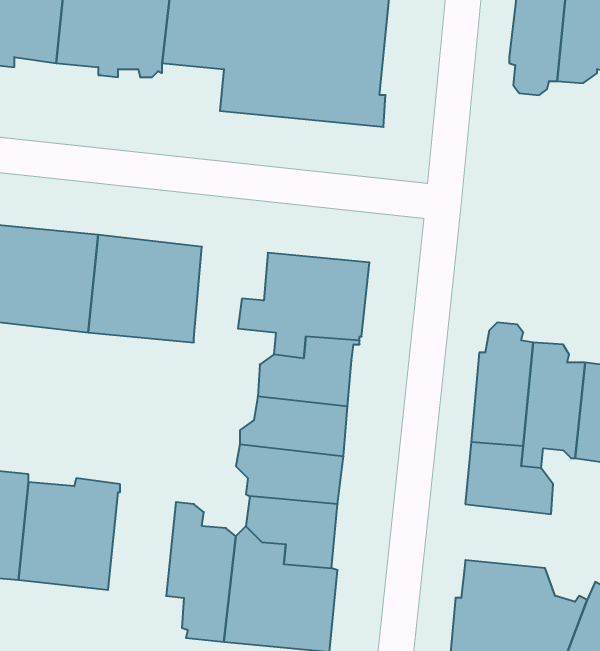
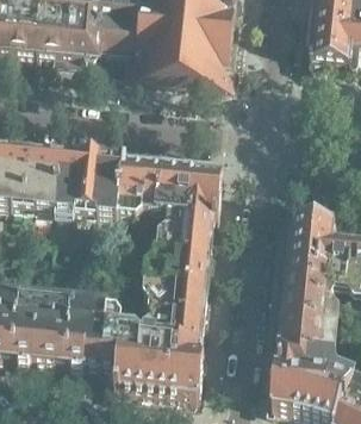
building: none -> [118,156,162,213]
building: none -> [67,299,108,364]
building: none -> [276,310,331,348]

